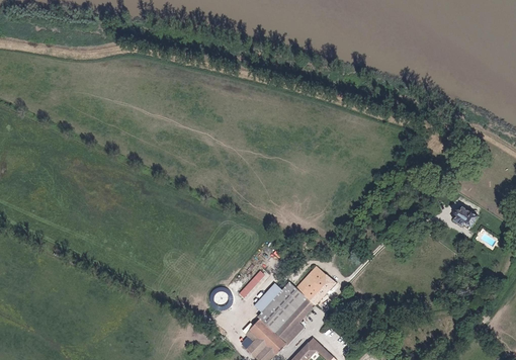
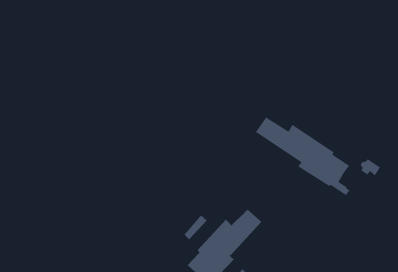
building: none -> [255,117,351,196]

